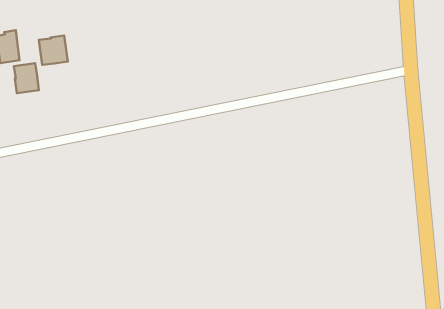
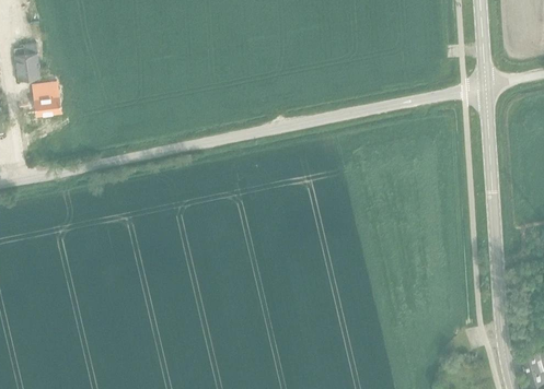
building: [39,36,68,65] -> none

